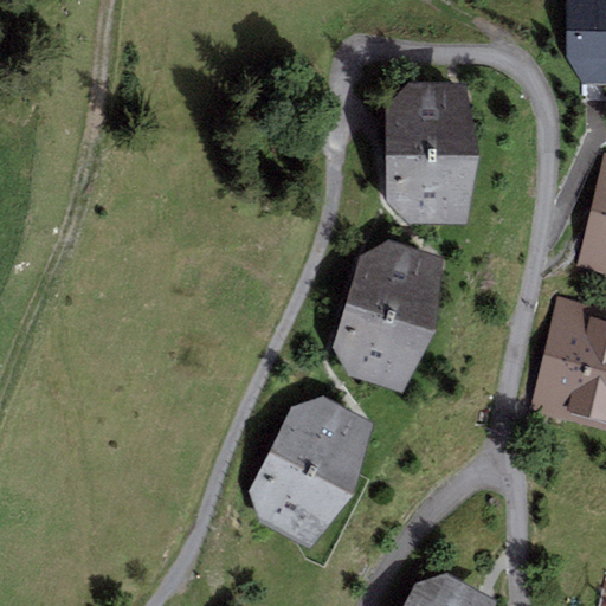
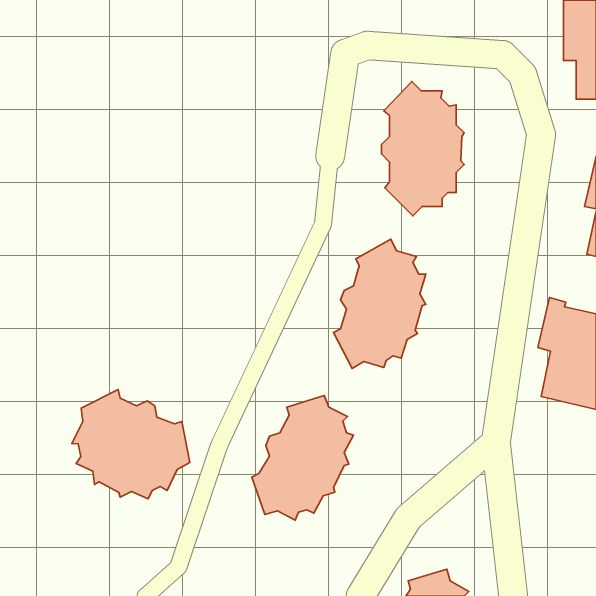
building: none -> [72,390,190,499]

